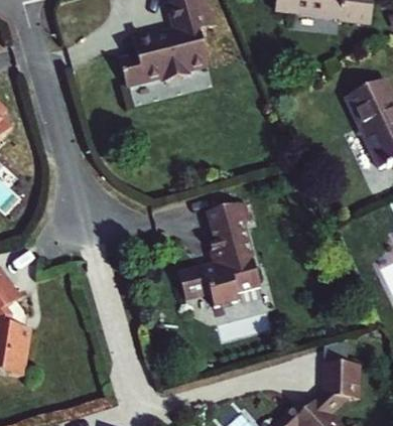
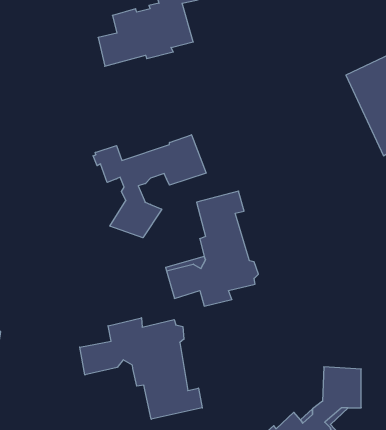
building: none -> [93,135,206,238]
building: none -> [80,318,202,419]

